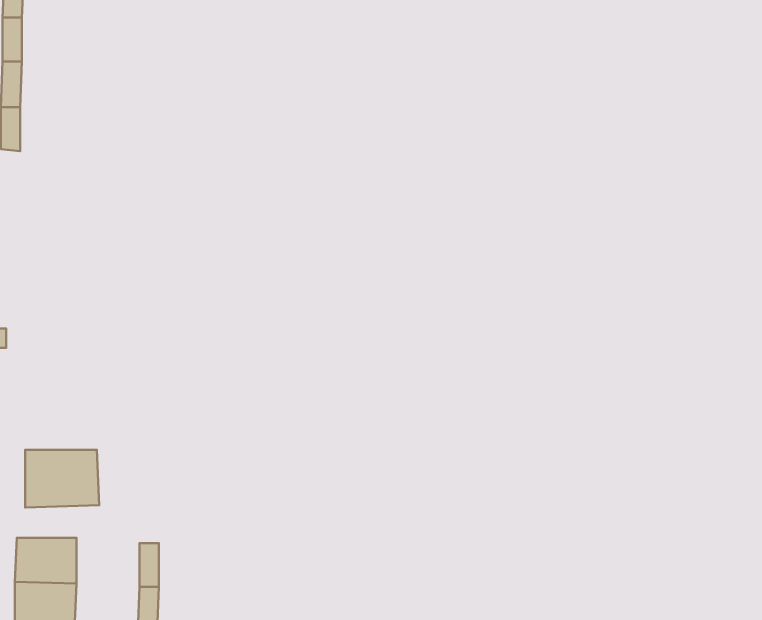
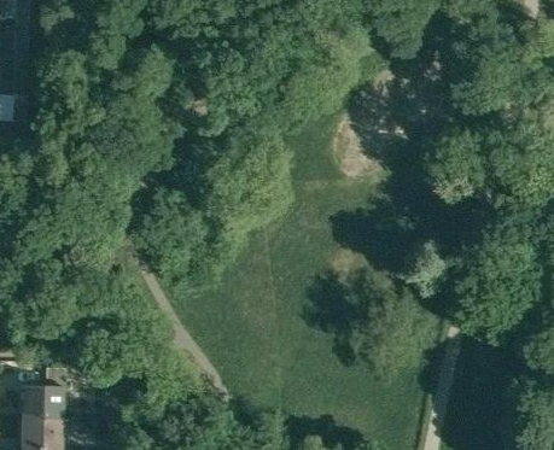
building: [25,450,99,507] -> none

